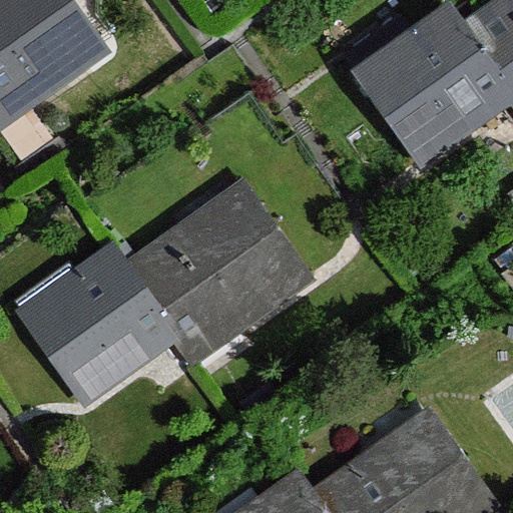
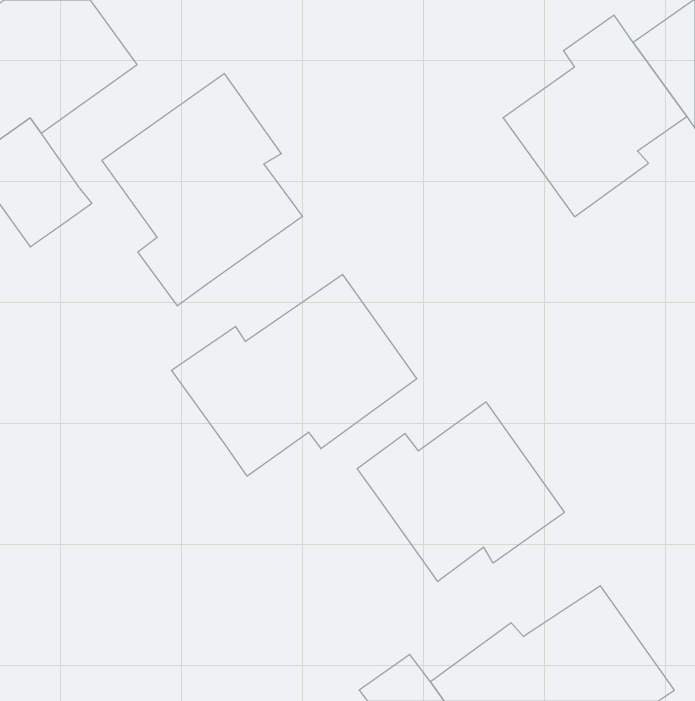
building: none -> [102,73,303,306]
building: [30,250,164,399] -> none
building: none -> [357,402,564,582]

